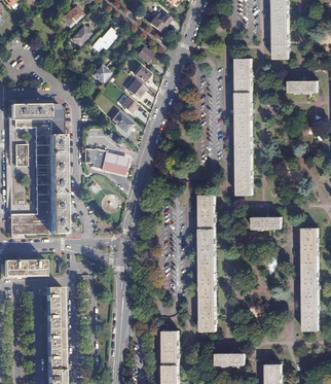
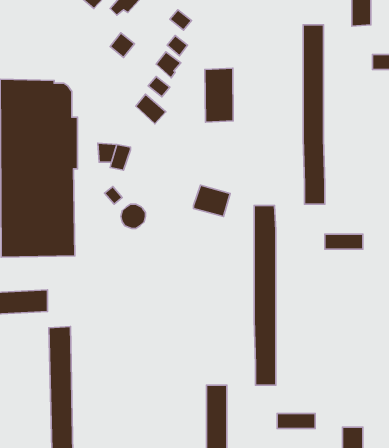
building: none -> [205,68,233,122]
building: [101,152,128,176] -> [194,185,230,216]

